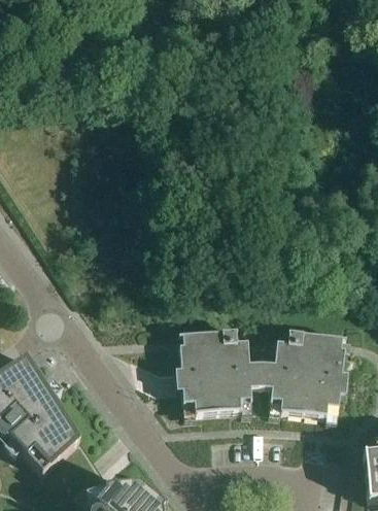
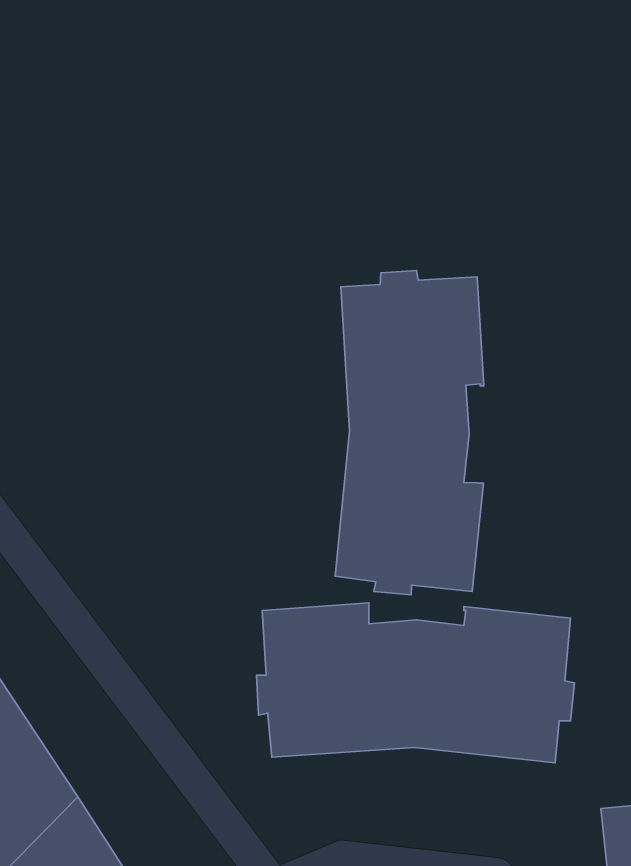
building: none -> [335,270,484,595]

